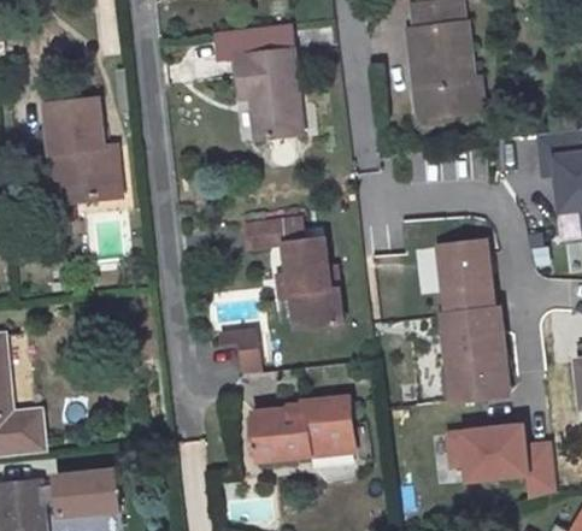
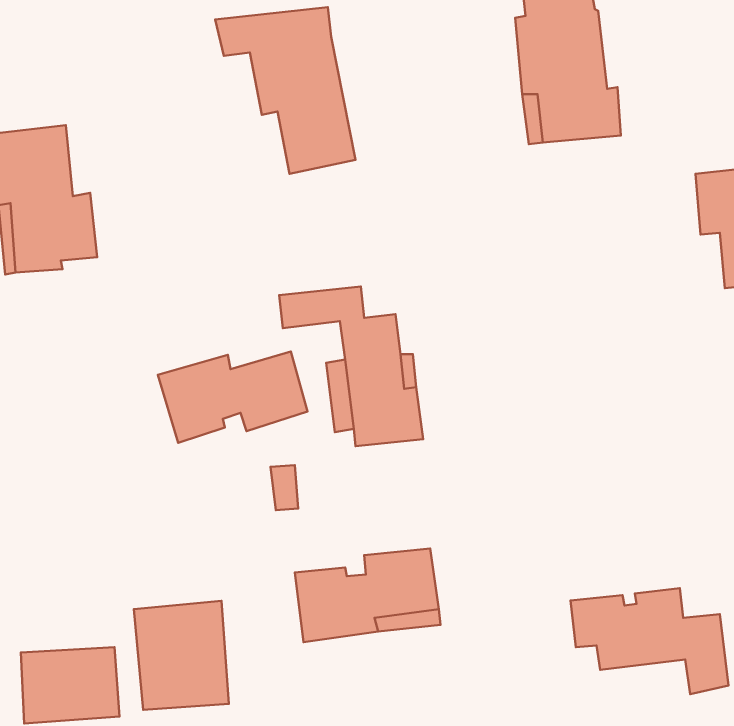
building: [439,240,510,397] -> none
building: none -> [158,352,308,443]
building: none -> [134,601,229,710]

